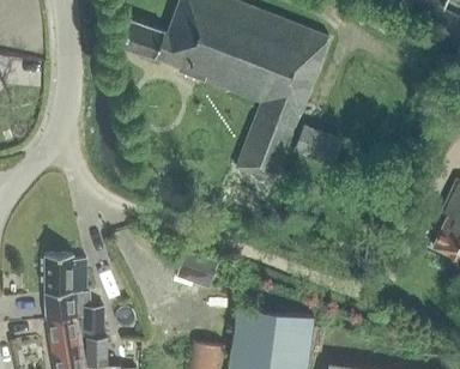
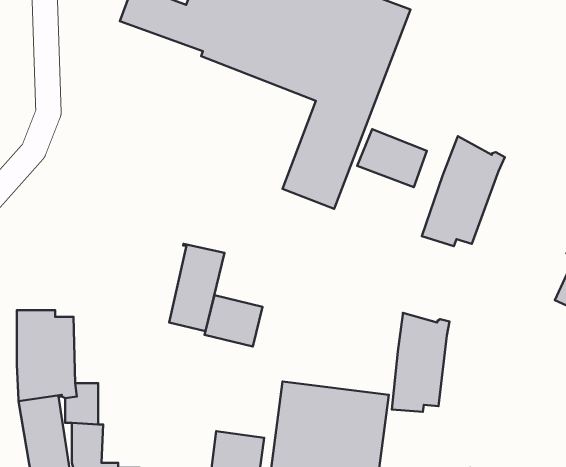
building: none -> [422,136,505,246]
building: none -> [169,244,224,331]
building: none -> [392,313,450,412]

